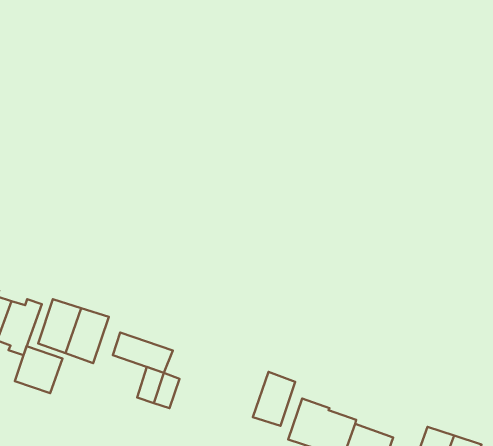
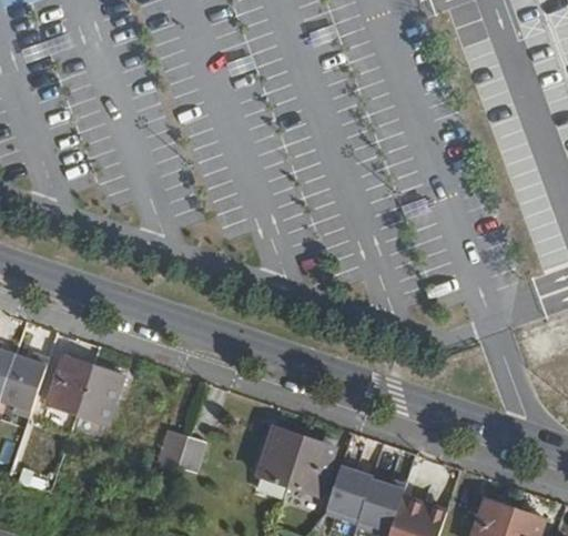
building: [113,333,173,373] -> none
building: [15,346,63,393] -> none
building: none -> [256,425,304,486]

